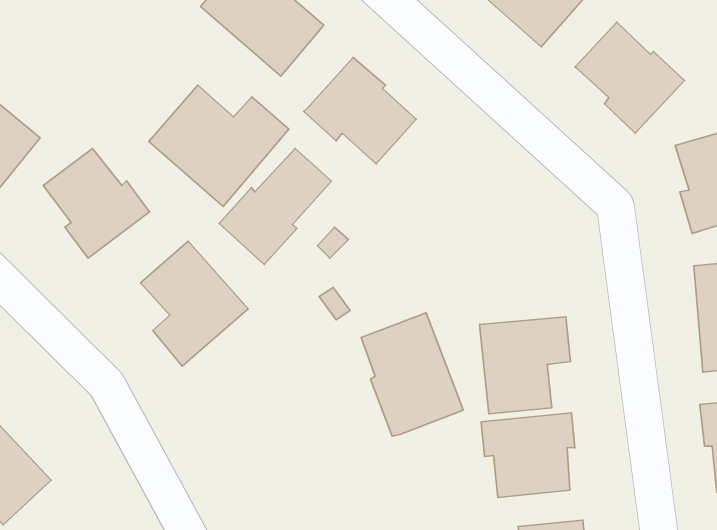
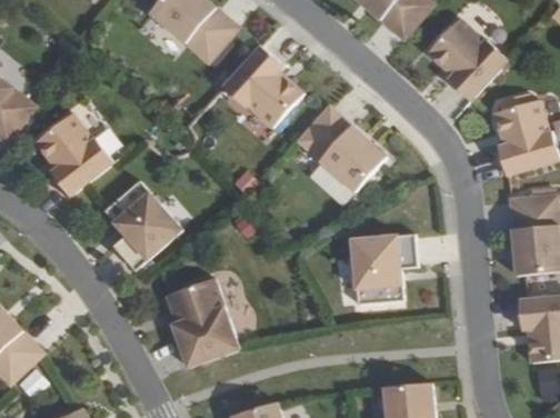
building: [149,85,289,207] -> none
building: none -> [296,102,386,190]
building: [219,148,331,264] -> none
building: [361,313,463,436] -> [169,277,242,366]
building: [481,413,575,497] -> none

